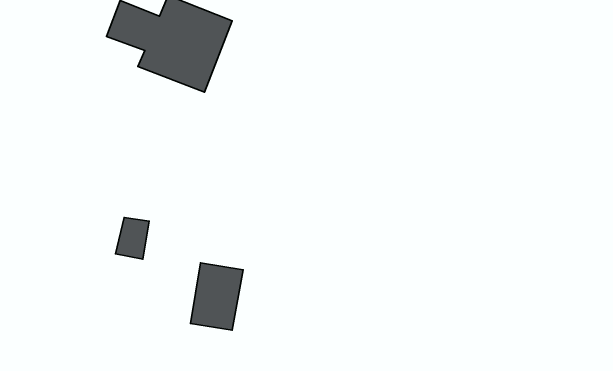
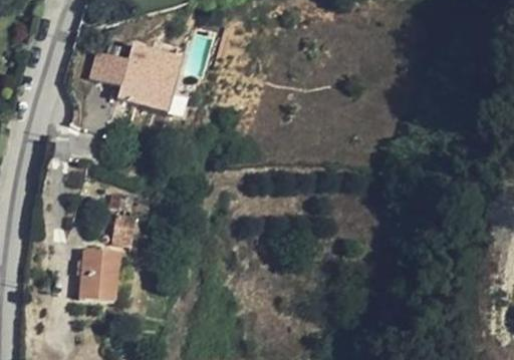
building: [191,263,243,330] -> [83,251,120,301]

